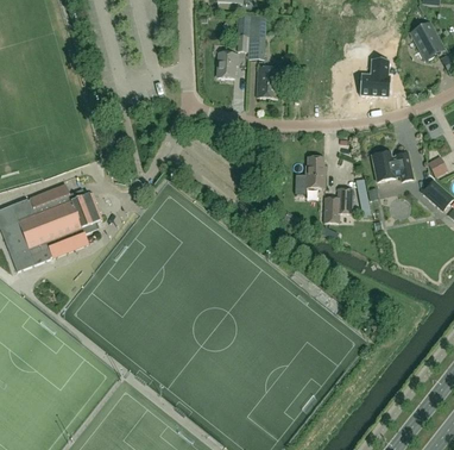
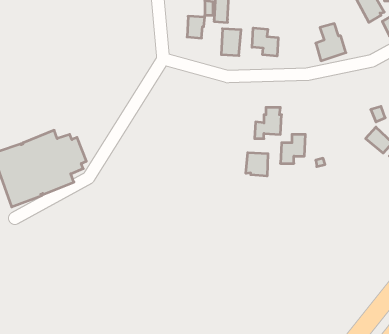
building: none -> [252,28,278,56]
building: [372,151,414,181] -> none
building: none -> [246,153,268,176]

